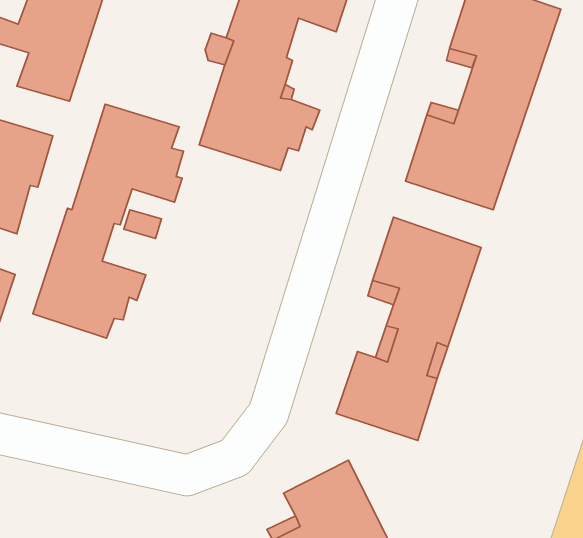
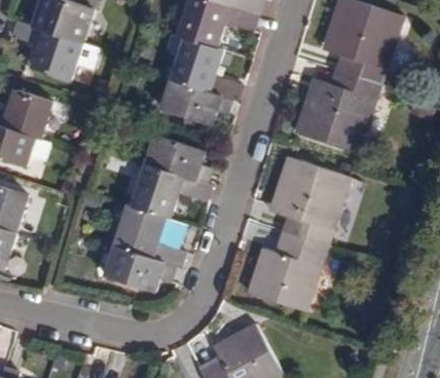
building: [33,104,184,338] -> [103,135,206,294]

